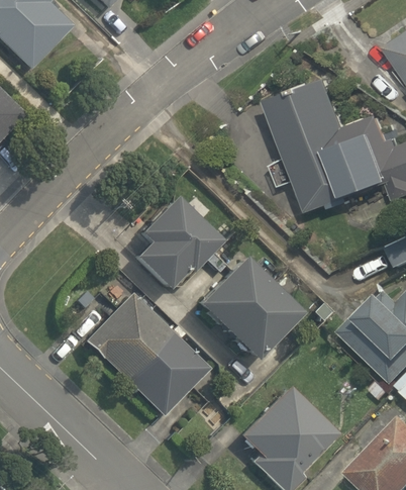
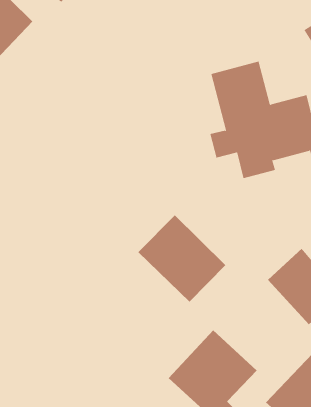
building: [134,196,217,290] -> none
building: [82,294,203,413] -> none

